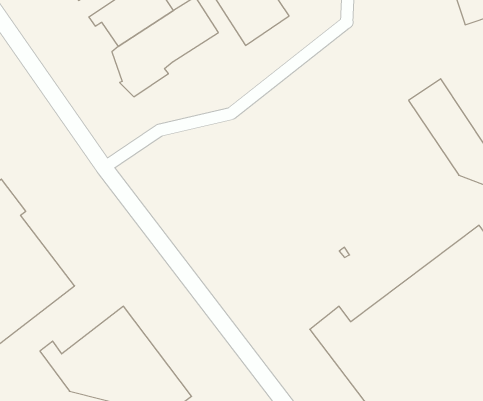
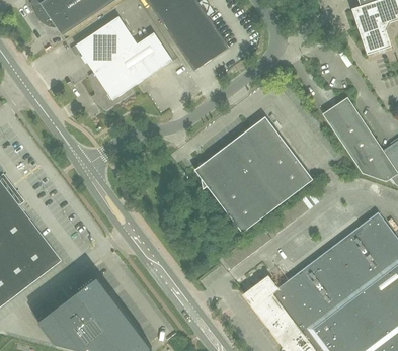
building: none -> [195,116,314,233]

